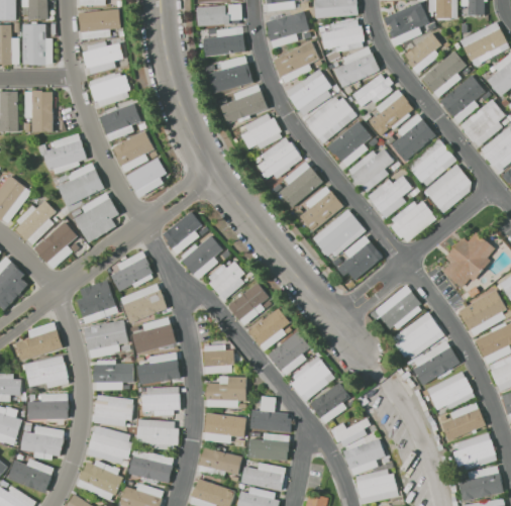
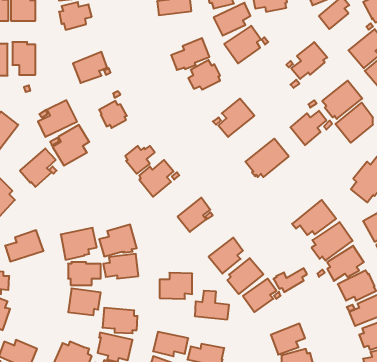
building: [333,46,379,87] -> none
building: [421,50,467,98] -> none
building: [208,55,252,93] -> none
building: [89,72,130,107] -> none
building: [352,74,393,107] -> none
building: [305,96,357,142] -> none
building: [390,113,435,162] -> none
building: [325,120,371,166] -> none
building: [112,130,154,172] -> none
building: [43,131,87,175] -> none
building: [257,136,302,179] -> none
building: [348,148,394,192] -> none
building: [295,186,342,231] -> none
building: [390,200,436,242] -> none
building: [14,201,56,244] -> none
building: [335,235,384,281] -> none
building: [110,250,154,291] -> none
building: [208,261,244,299] -> none
building: [76,280,118,323] -> none
building: [119,283,167,322] -> none
building: [247,308,291,351] -> none
building: [204,345,233,374] -> none
building: [23,356,69,389] -> none
building: [141,387,180,416] -> none
building: [27,393,69,419] -> none
building: [203,412,245,444] -> none
building: [329,417,371,446] -> [273,268,307,292]
building: [88,425,132,464] -> none
building: [19,426,64,460] -> none
building: [247,433,290,461] -> none

